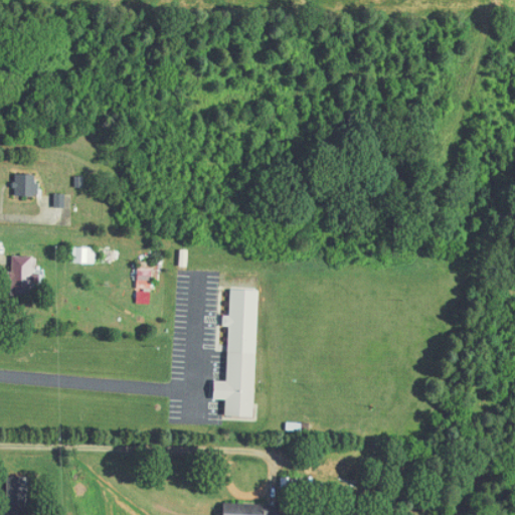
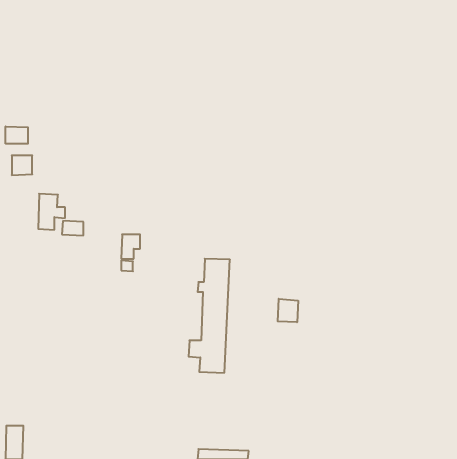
building: none -> [6,126,28,144]
building: [10,255,40,296] -> [38,194,65,230]
building: none -> [278,299,298,322]

